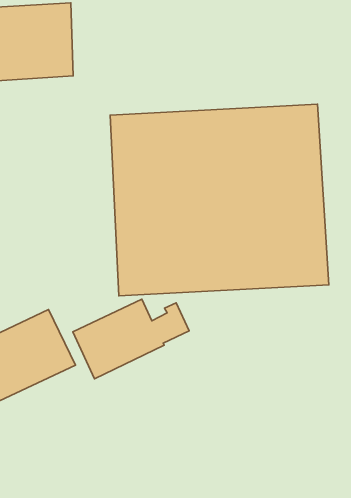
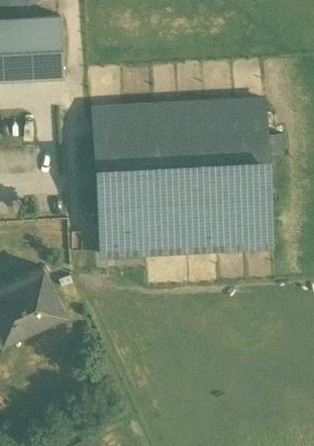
building: [73,299,189,379] -> none

